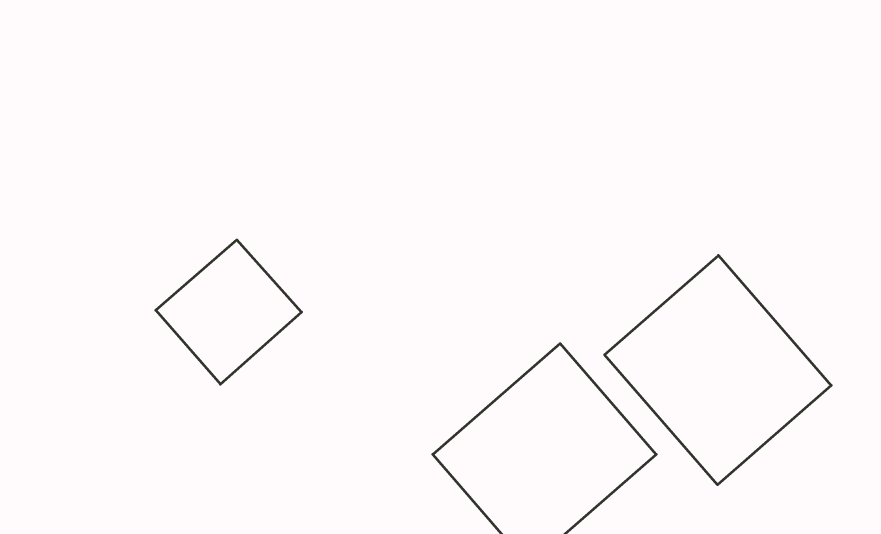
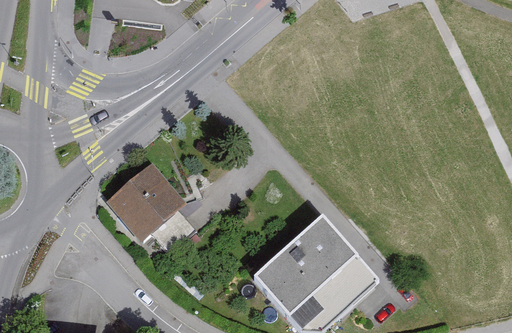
building: [605,255,831,485] -> none

